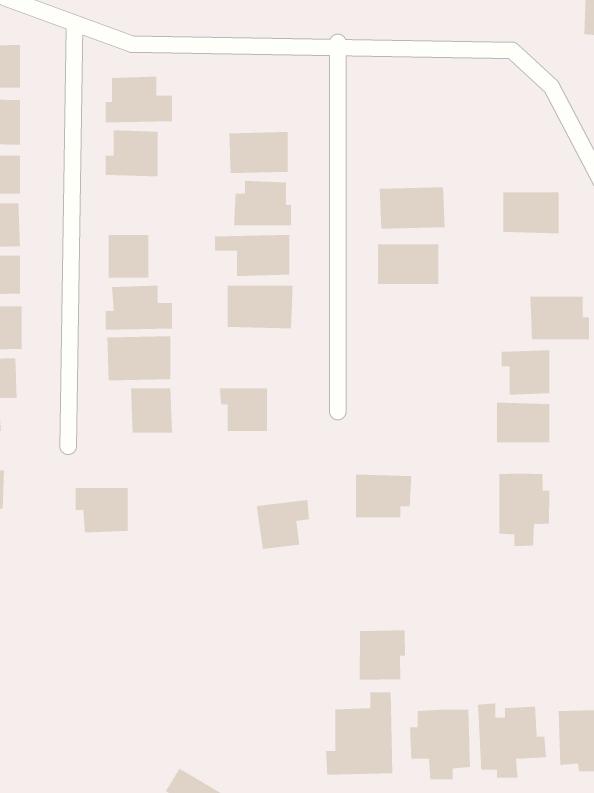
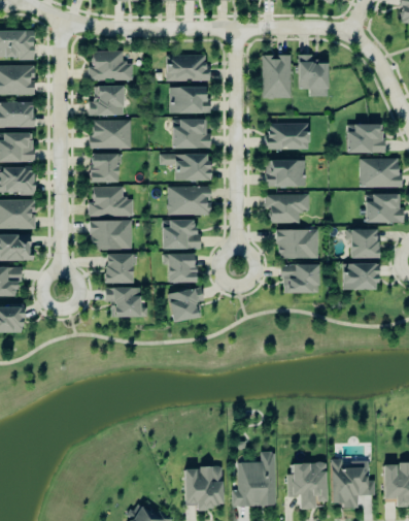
building: none -> [166,55,209,83]
building: none -> [262,55,292,99]
building: none -> [299,55,328,97]
building: none -> [91,120,131,149]
building: none -> [360,159,400,188]
building: none -> [265,194,309,224]
building: none -> [162,220,201,250]
building: none -> [277,230,318,259]
building: [498,473,550,547] -> none
building: [355,474,412,518] -> [282,264,319,293]
building: [75,487,129,533] -> [105,288,140,318]
building: [256,499,310,550] -> [168,289,203,322]
building: [359,630,406,681] -> none
building: none -> [183,467,224,509]

